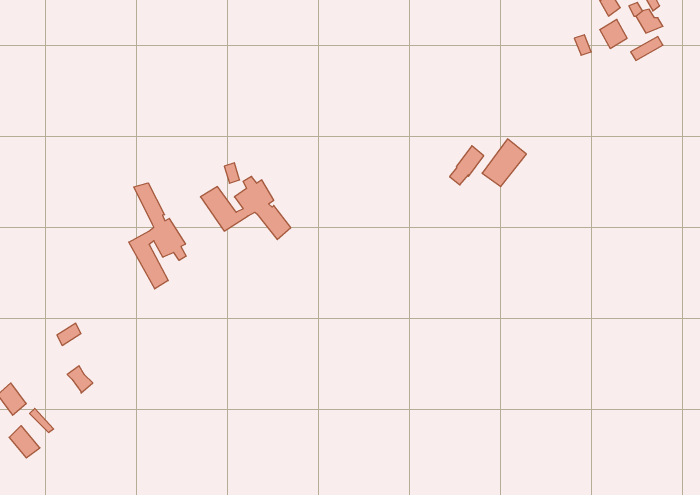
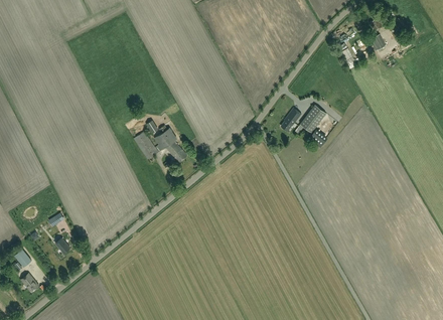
building: [129,183,186,289] -> none

